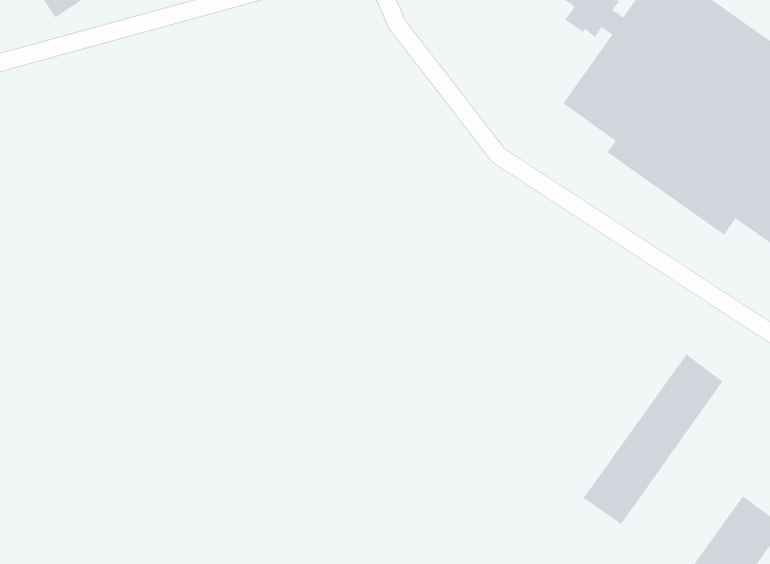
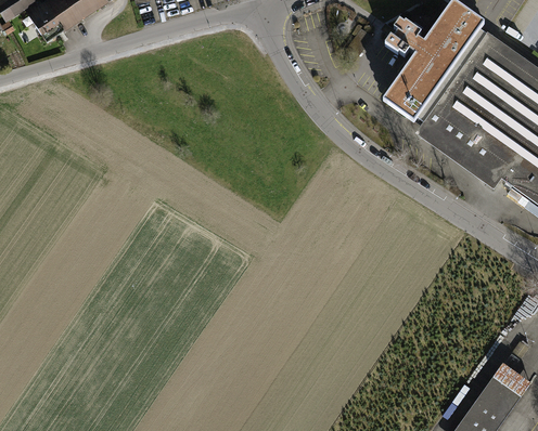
building: [583,354,723,525] -> none

